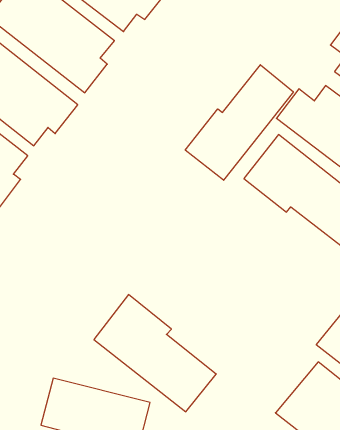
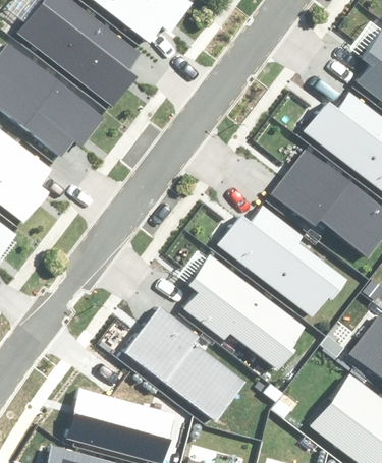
building: [185,65,293,180] -> none
building: none -> [218,210,349,316]
building: none -> [184,254,305,371]

